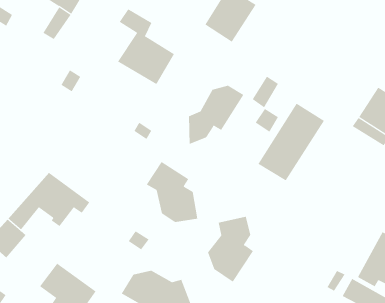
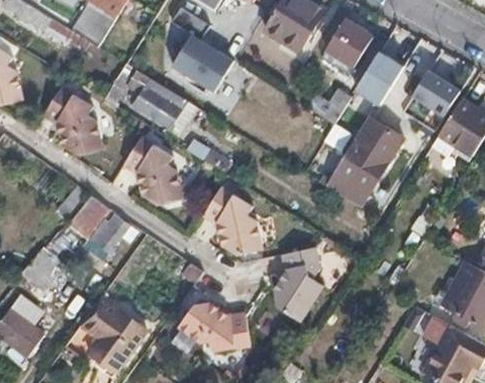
building: none -> [326,20,373,68]
building: none -> [357,50,405,104]
building: none -> [412,71,462,116]
building: none -> [134,75,186,127]
building: none -> [42,85,104,155]
building: [189,85,244,145] -> none
building: none -> [124,133,184,203]

